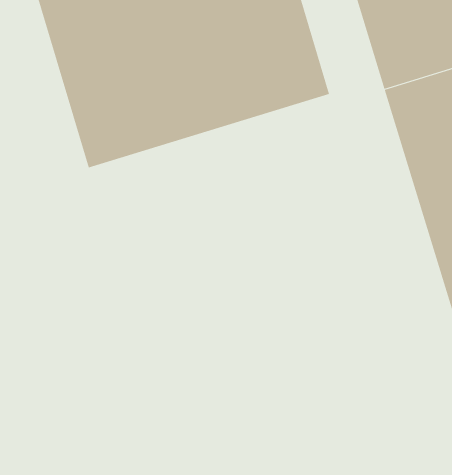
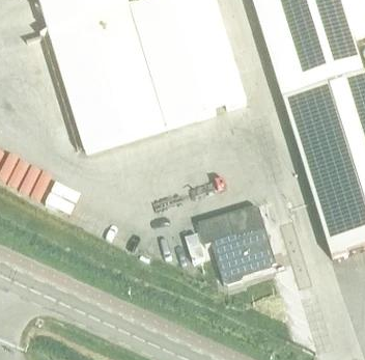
building: none -> [199,202,273,281]

